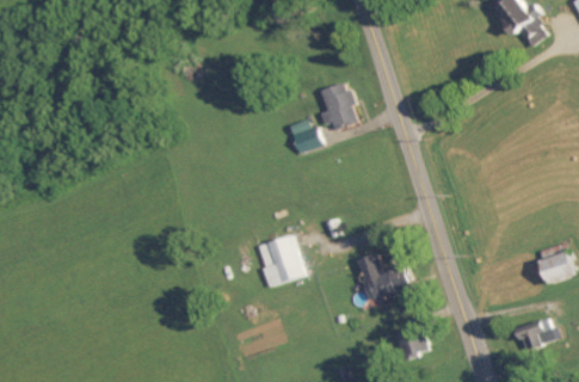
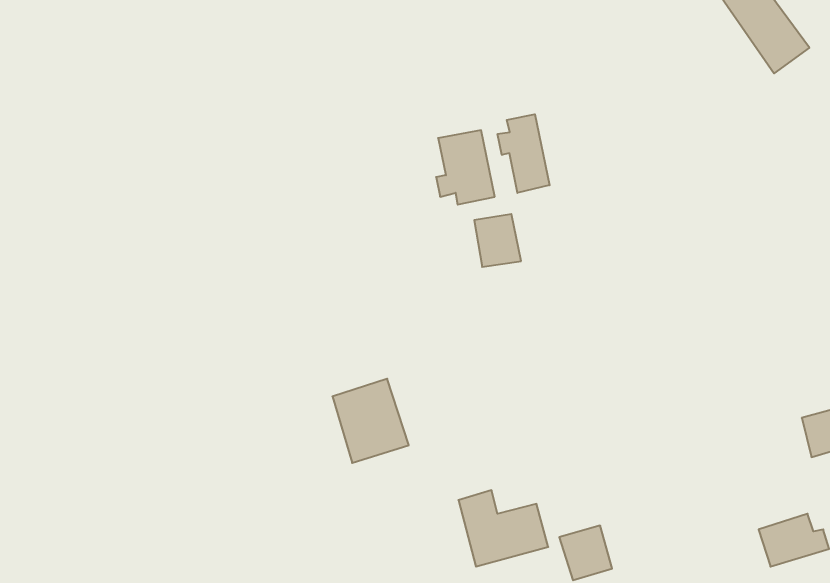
building: none -> [498,114,550,193]
building: [290,119,319,152] -> [474,214,521,267]
building: [358,254,413,301] -> [458,490,548,567]

